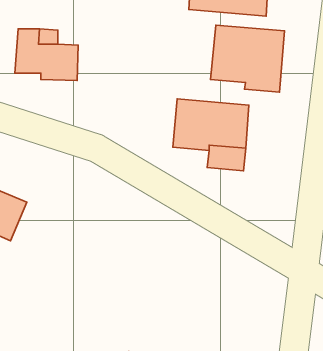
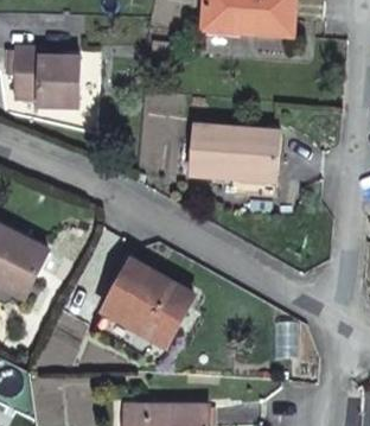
building: [211,25,284,92] -> none
building: none -> [107,263,194,350]

